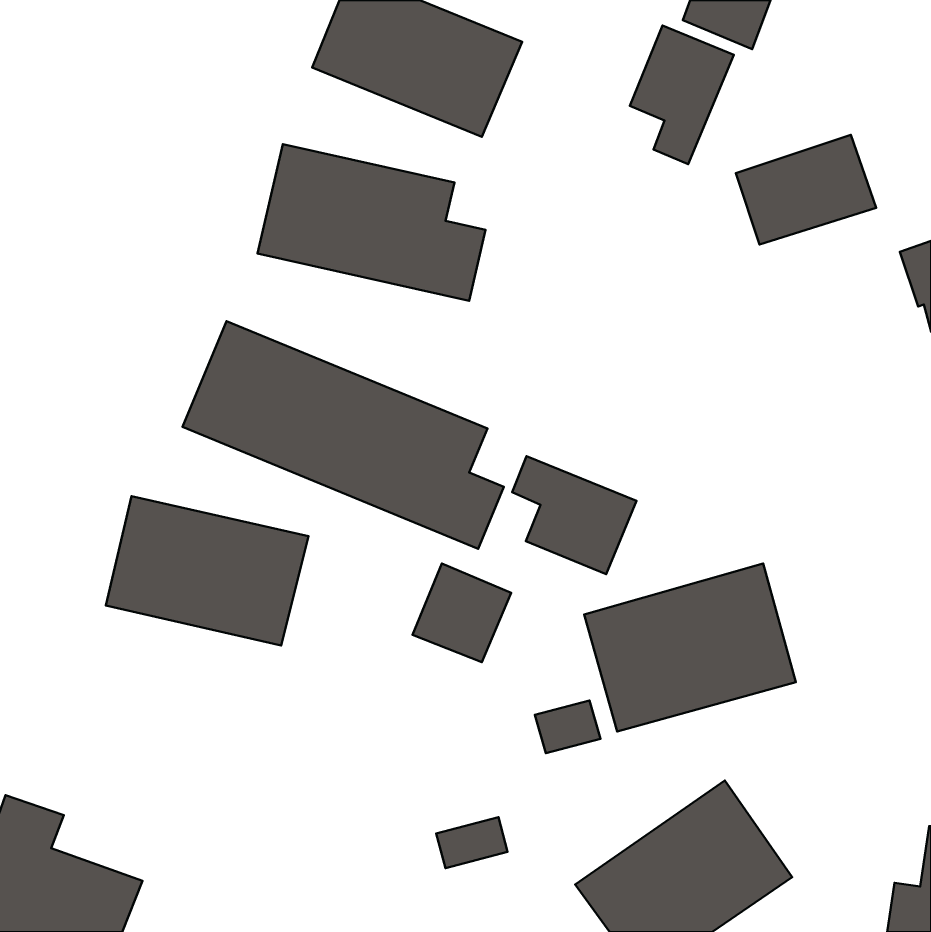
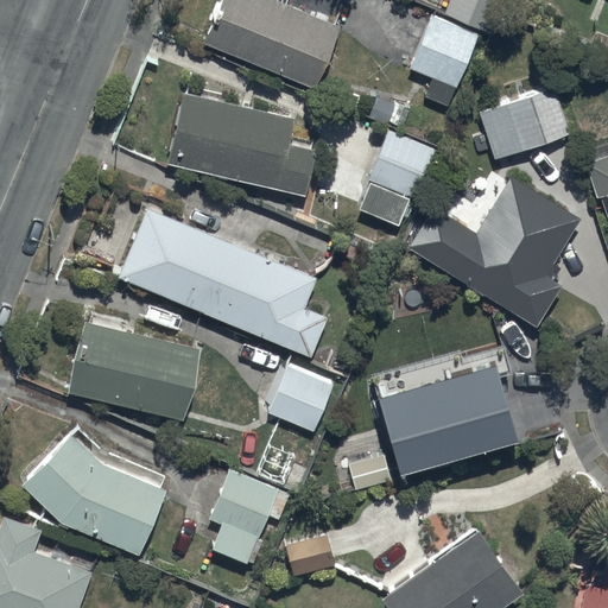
building: none -> [368,131,436,198]
building: none -> [408,177,581,328]
building: [512,456,637,574] -> none
building: none -> [23,437,166,556]
building: none -> [209,470,278,539]

